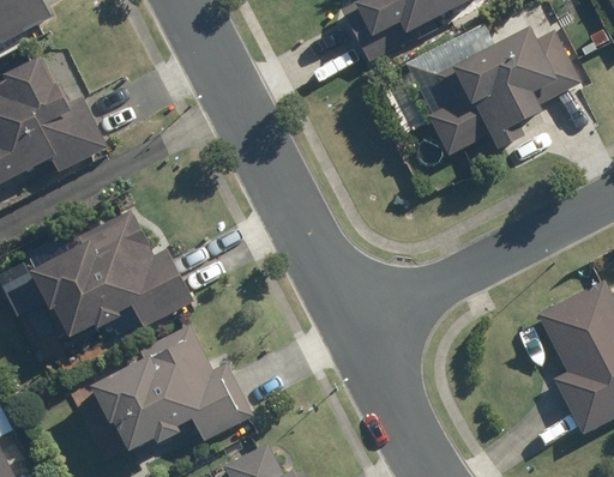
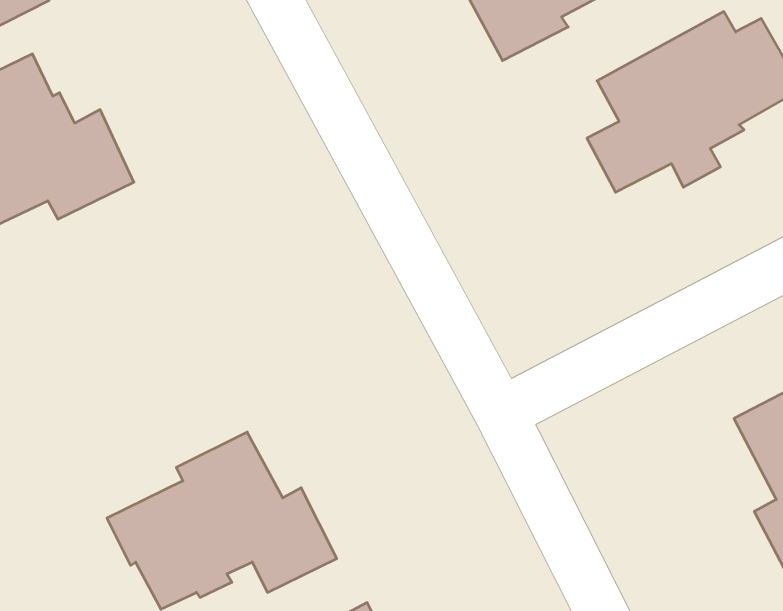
building: [28,210,191,336] -> none

